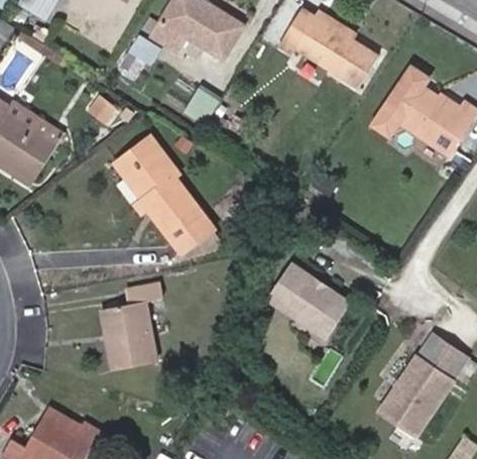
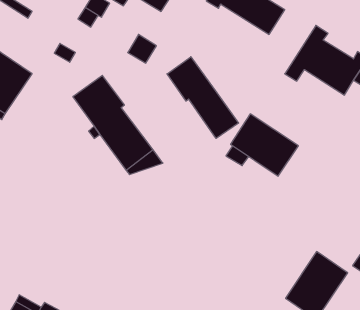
building: none -> [167,57,239,138]
building: [267,262,351,339] -> [231,114,298,176]
building: [103,281,163,365] -> none
building: [418,336,462,376] -> none

